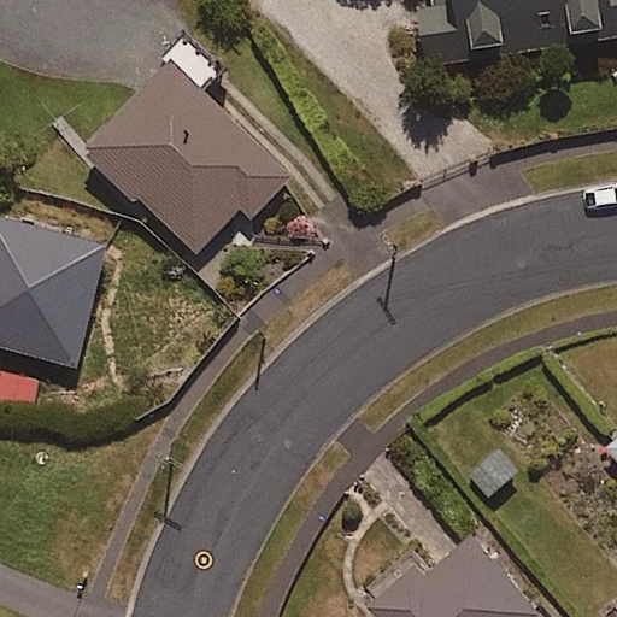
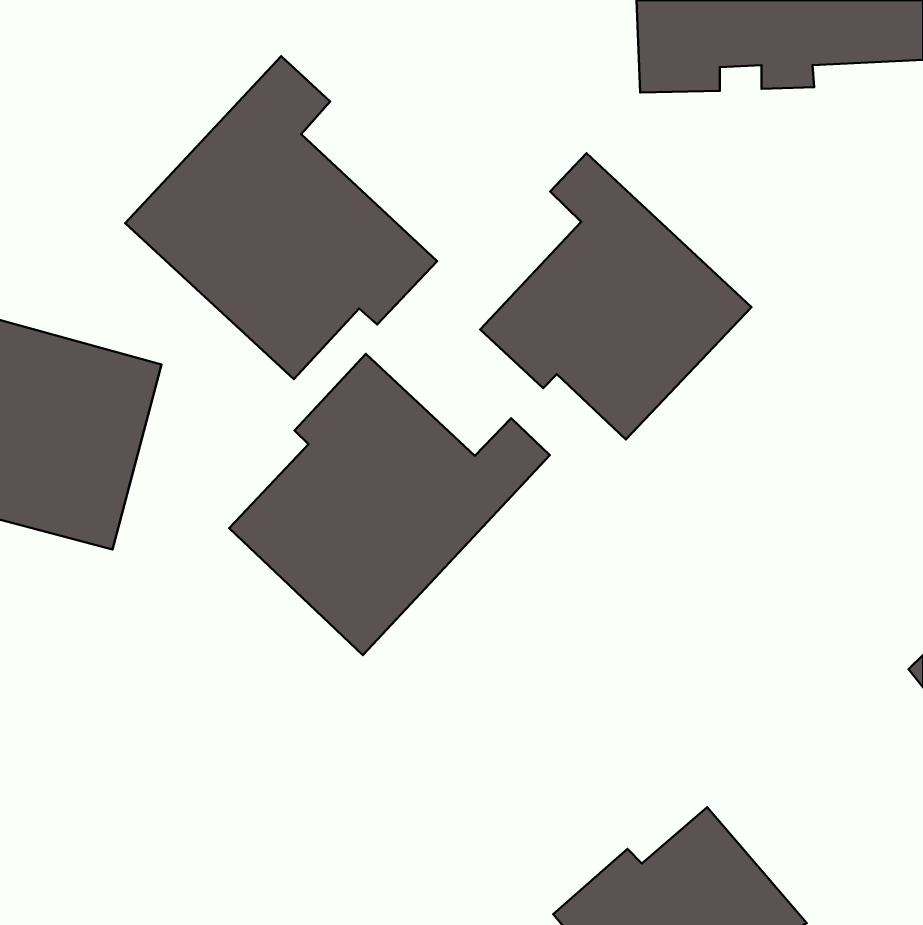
building: none -> [480,153,751,440]
building: none -> [229,354,550,655]

